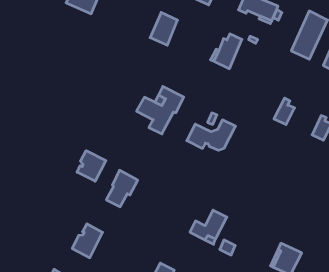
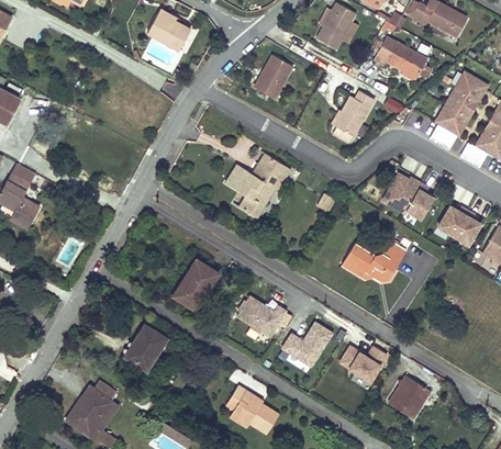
building: none -> [383,171,423,212]
building: none -> [439,204,469,234]
building: [187,120,236,150] -> [342,243,408,282]
building: [77,151,106,181] -> none
building: none -> [237,298,286,337]
building: none -> [339,346,387,381]

